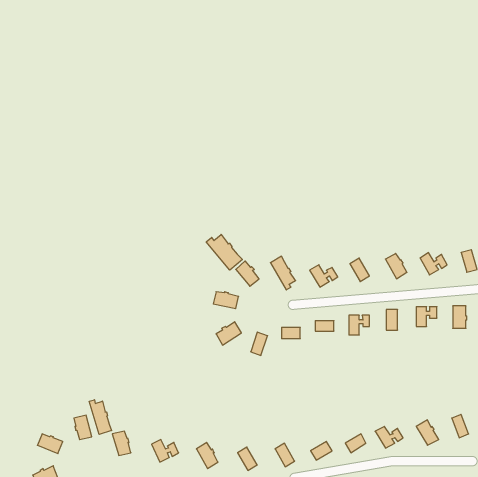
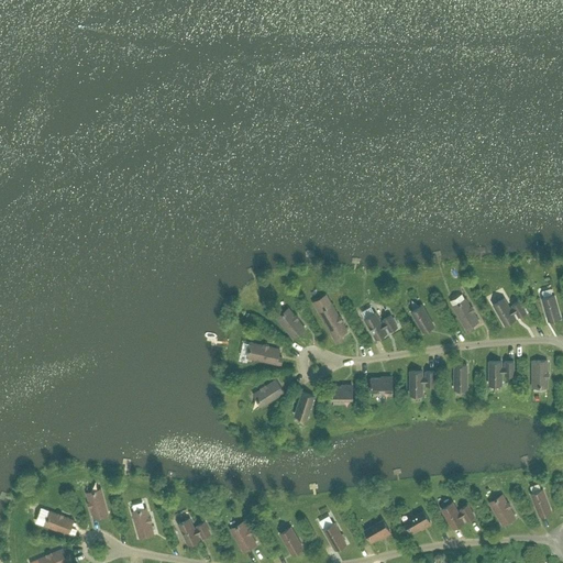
building: [206,234,242,270] -> none
building: [89,400,112,434] -> none

